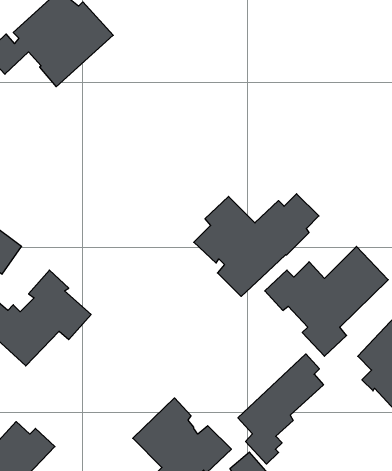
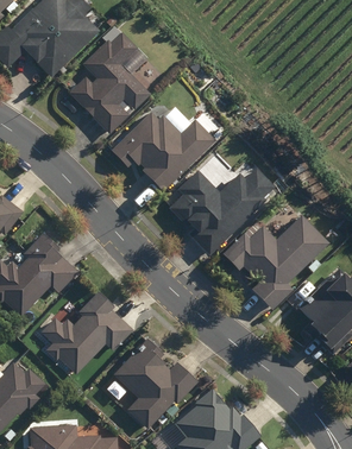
building: none -> [69,32,151,132]
building: none -> [113,112,218,190]
building: none -> [43,291,133,373]
building: [238,354,323,464] -> none

